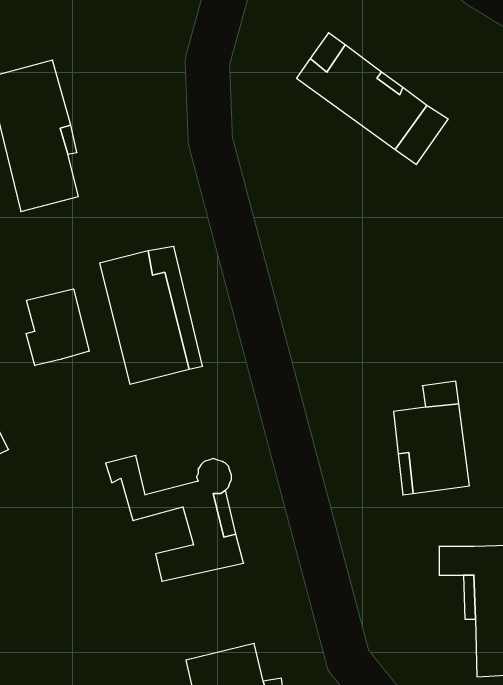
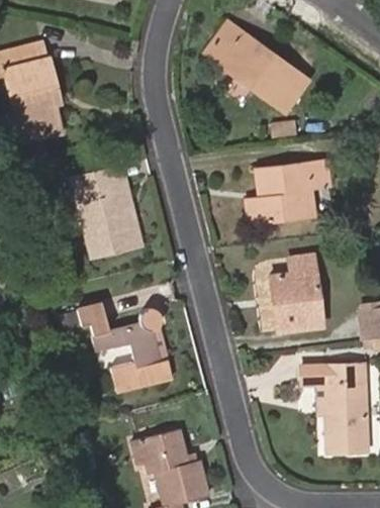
building: none -> [248,161,328,223]
building: [26,289,89,366] -> none

